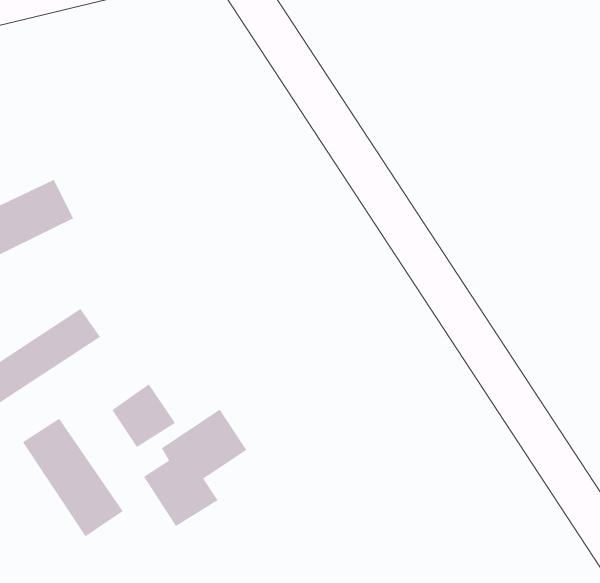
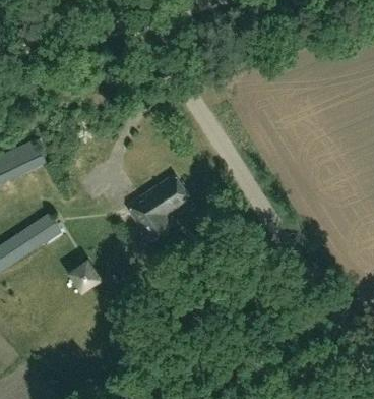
building: [143,409,247,527] -> [130,174,189,241]
building: [22,418,123,537] -> none

